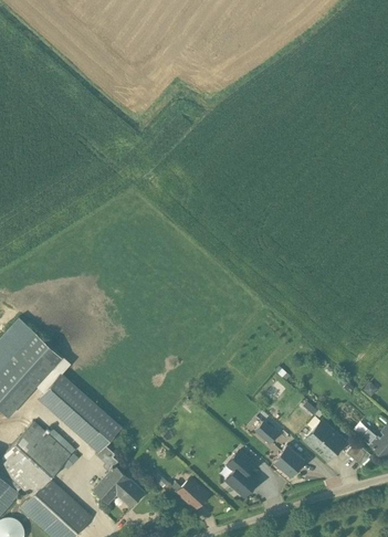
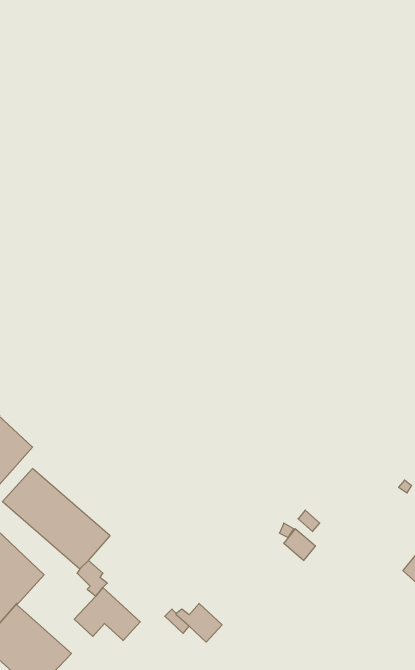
building: [305,421,345,461] -> none
building: [274,445,306,478] -> none
building: [224,450,260,498] -> none

